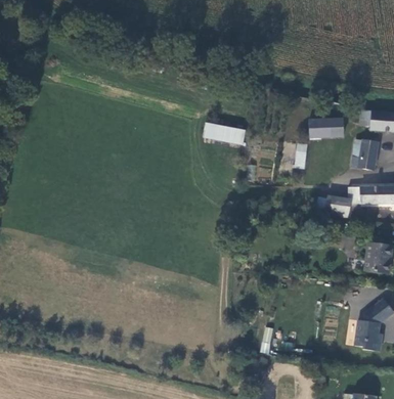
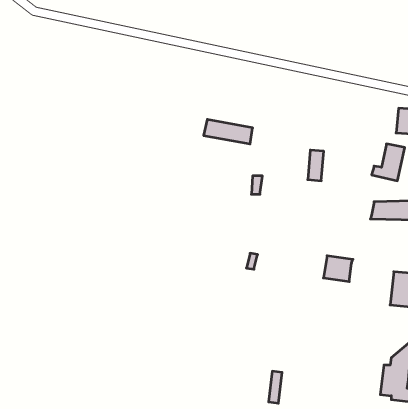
building: [308,117,343,136] -> none
building: [323,195,348,217] -> [323,256,353,282]

